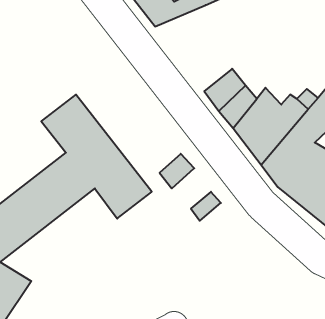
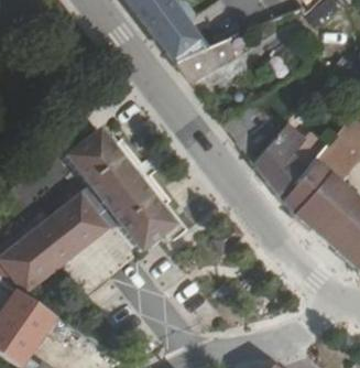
building: none -> [177,42,234,82]

